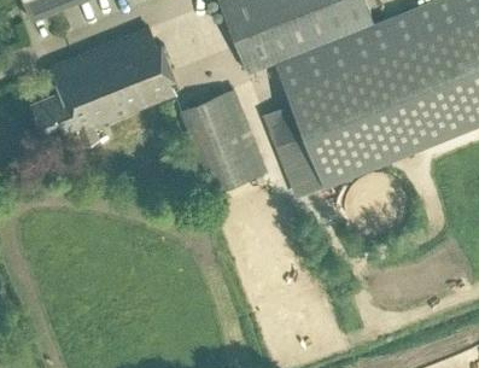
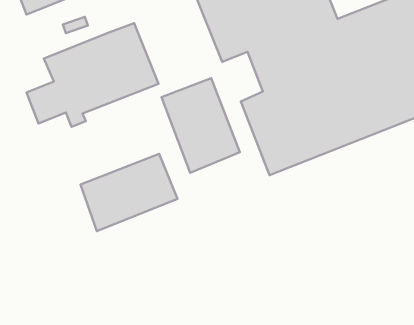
building: none -> [81,154,177,231]

